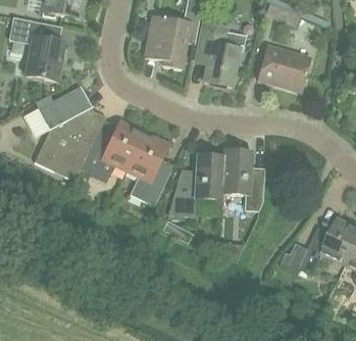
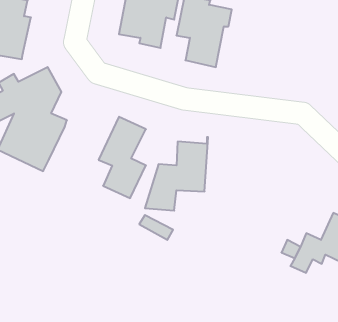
building: [257,45,311,91] -> none
building: [81,120,144,183] -> none
building: [221,150,264,210] -> none

